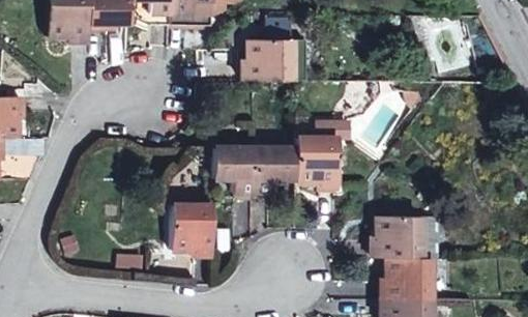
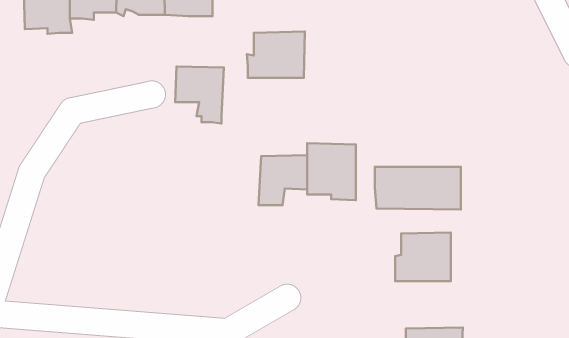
building: [213,146,256,196] -> [175,66,224,123]
building: none -> [375,167,461,210]
building: [172,203,213,253] -> none
building: [382,256,432,297] -> none

